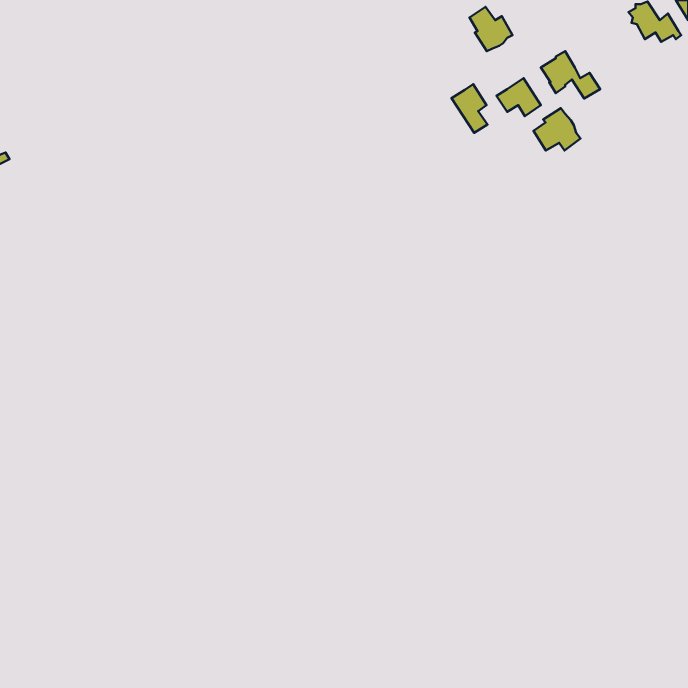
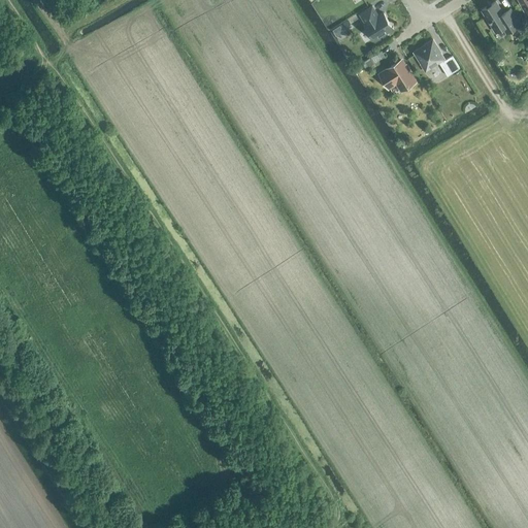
building: [452,84,487,133] -> none
building: [533,108,581,151] -> none

